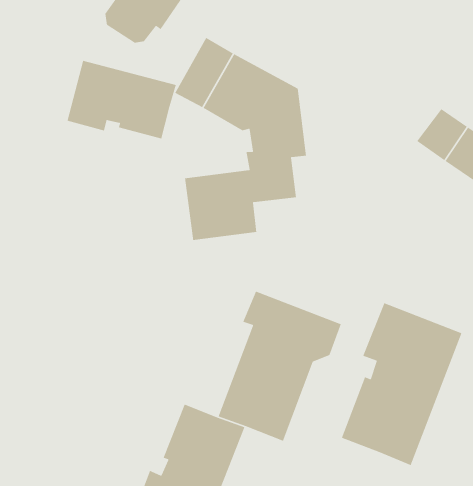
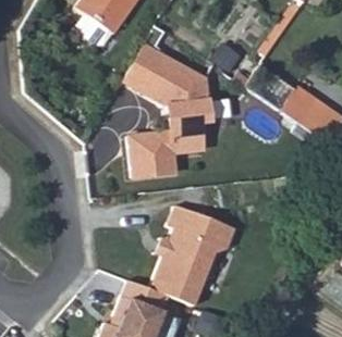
building: [66,60,177,139] -> none
building: [341,302,462,466] -> none

